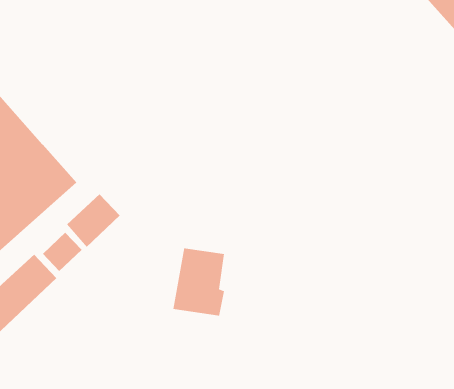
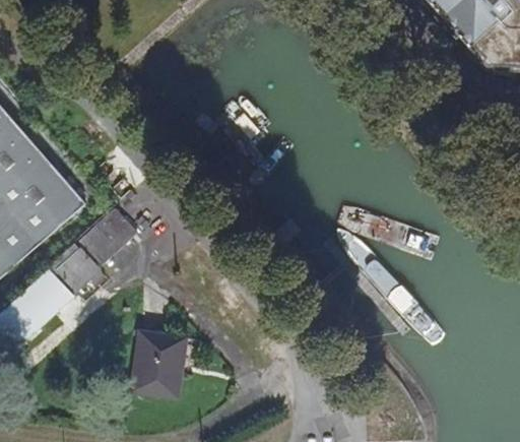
building: [172,248,225,316] -> [125,330,178,399]

